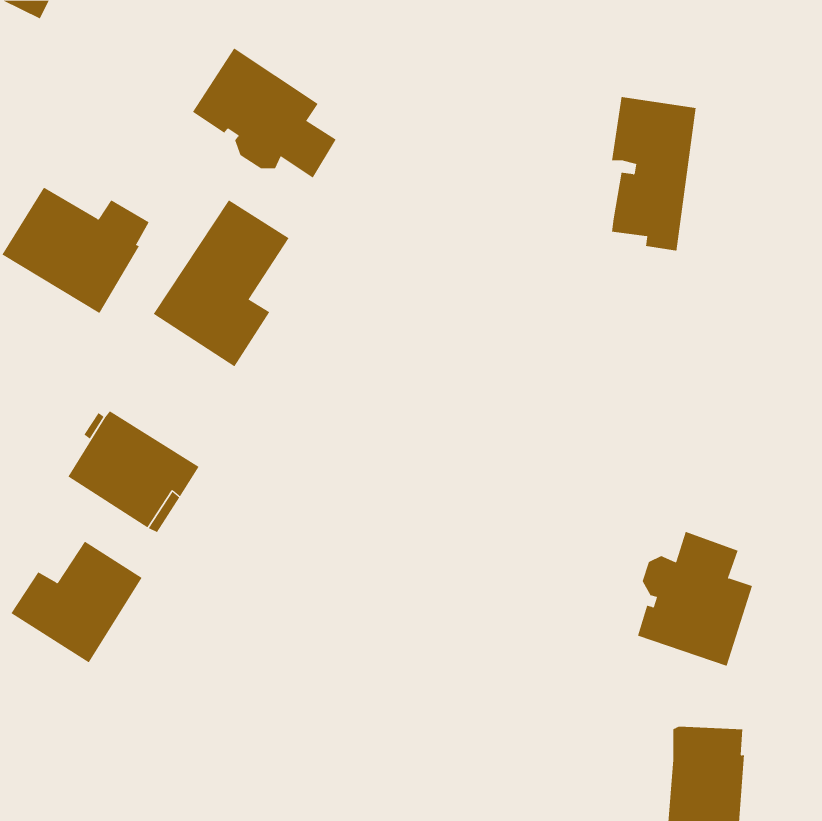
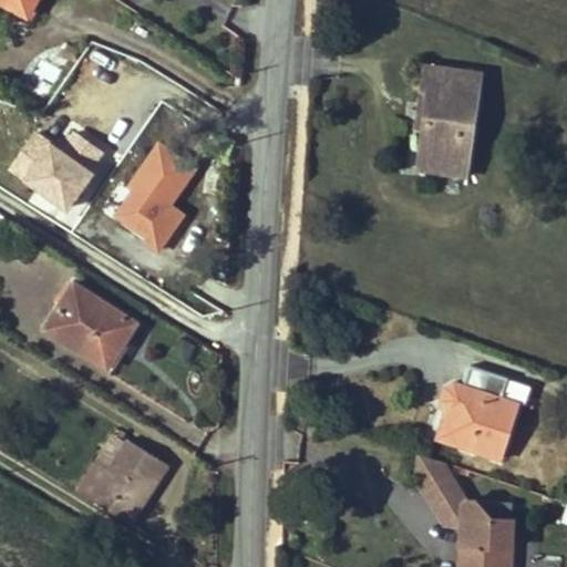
building: [192,47,337,179] -> none
building: [10,541,142,663] -> [78,441,168,525]
building: none -> [417,455,465,524]

